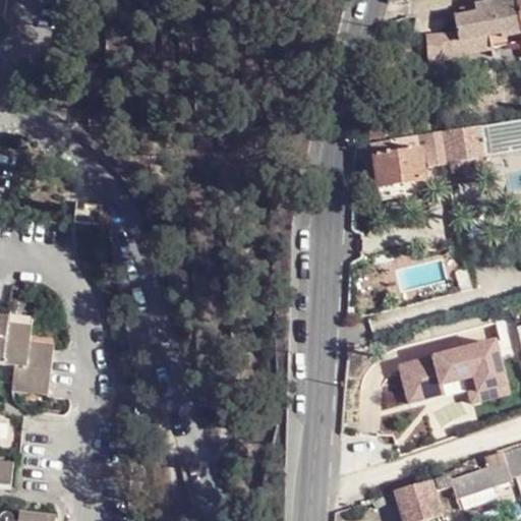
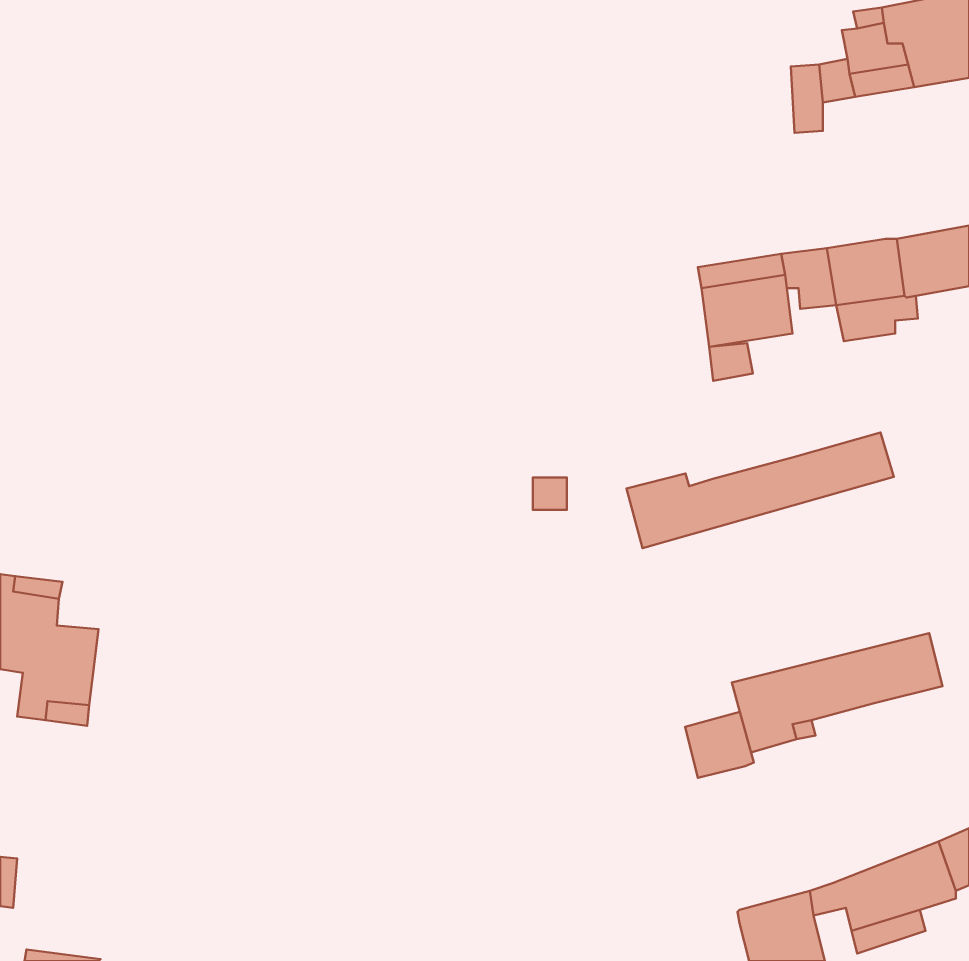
building: none -> [626,432,894,548]
building: [469,368,512,402] -> none
building: none -> [685,712,754,778]

